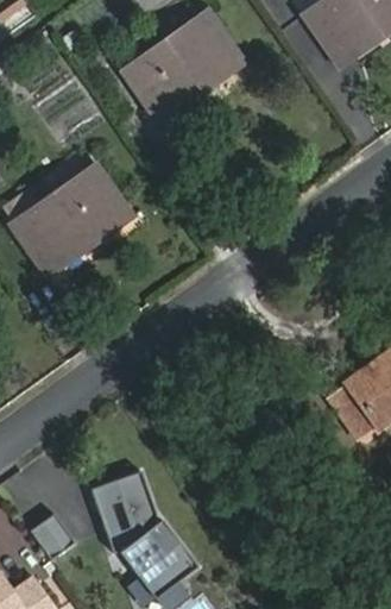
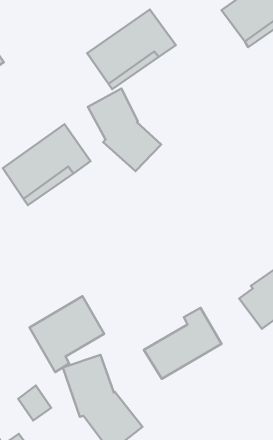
building: none -> [88,88,161,171]
building: none -> [29,296,104,372]
building: none -> [144,308,222,379]

